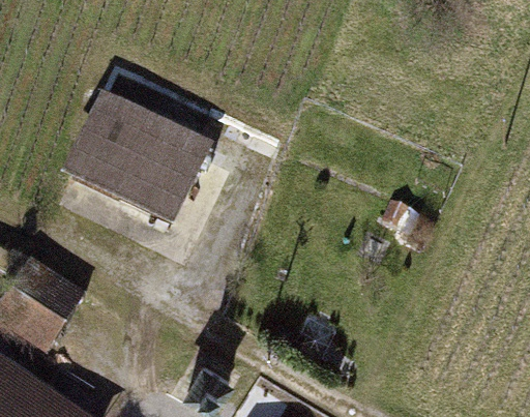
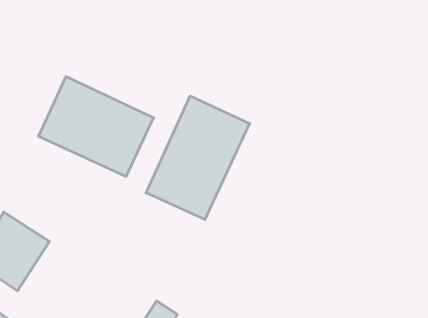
building: none -> [146,96,250,220]

